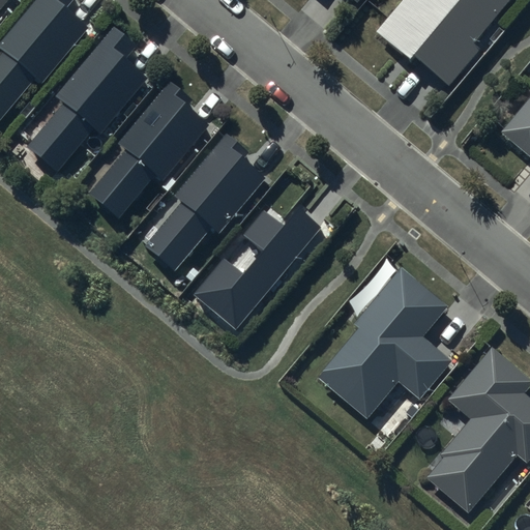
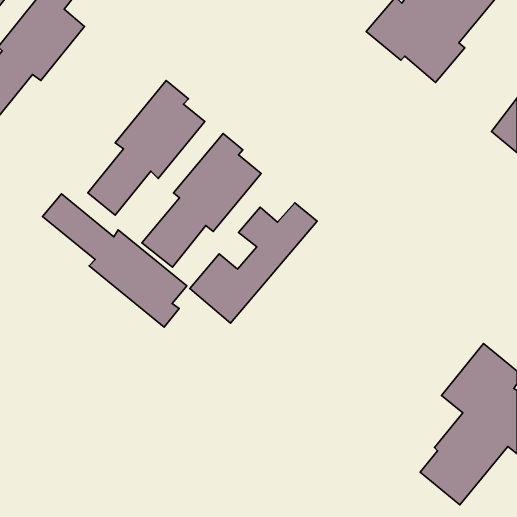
building: [29,29,148,170] -> none
building: none -> [43,194,187,327]
building: [317,266,451,417] -> none

